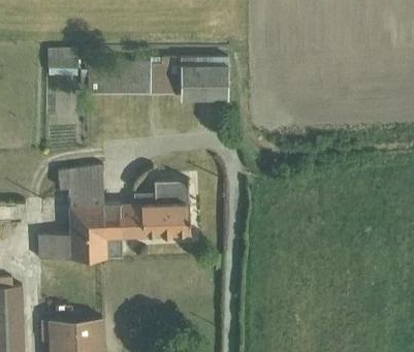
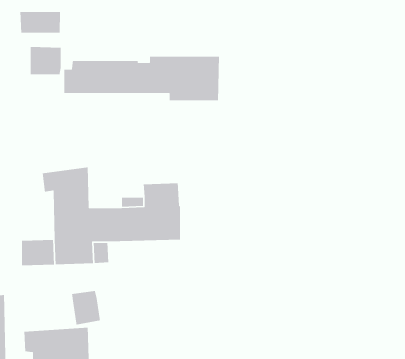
building: none -> [20,11,61,33]
building: none -> [71,290,101,326]

